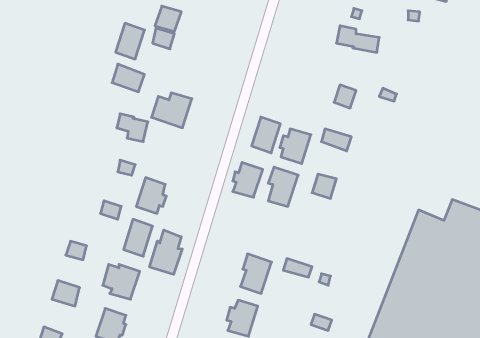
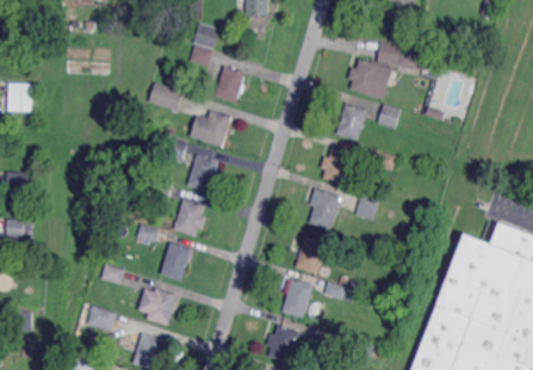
building: [116,23,145,59] -> [216,64,246,101]
building: none -> [349,58,392,98]
building: [252,117,280,153] -> [337,103,367,140]
building: none -> [187,155,217,191]
building: [233,162,263,197] -> [296,236,327,272]
building: [150,230,182,274] -> none

